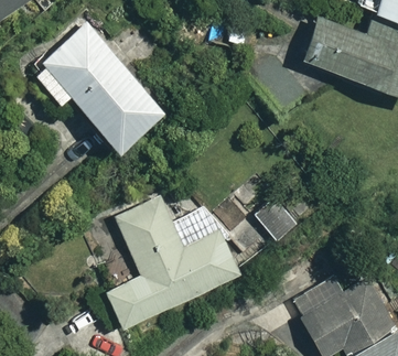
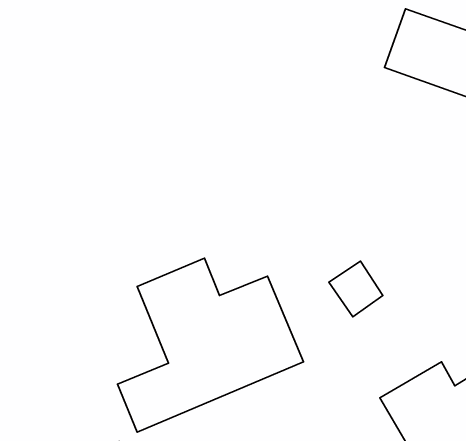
building: [31,24,157,147] -> none

